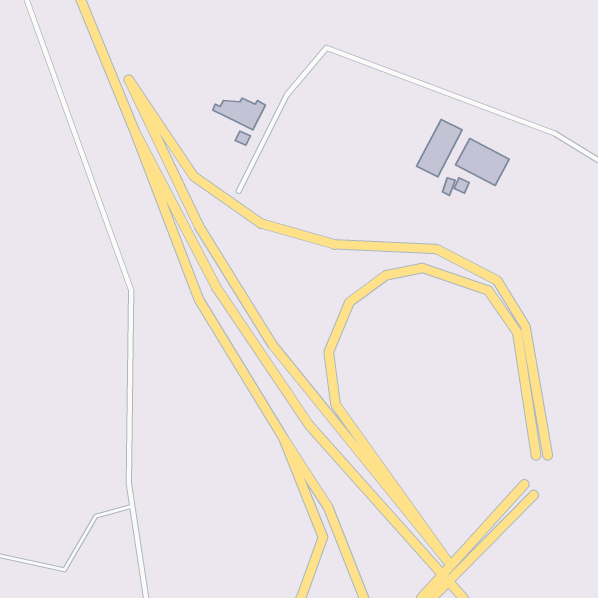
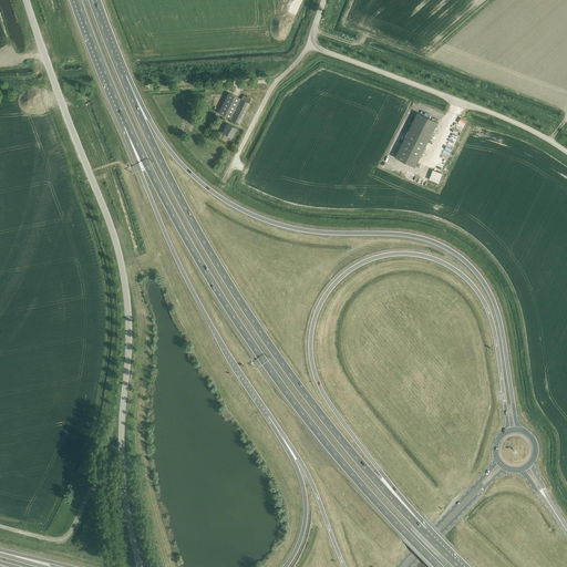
building: [456,139,509,185] -> none

